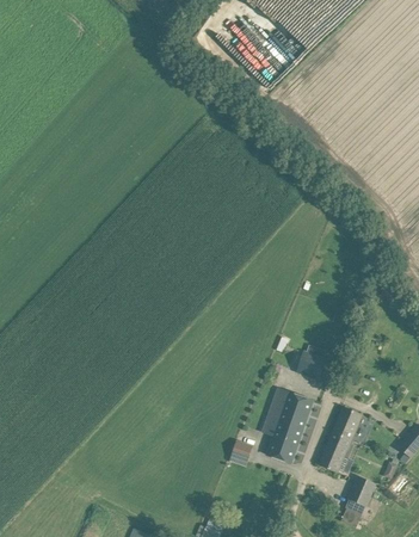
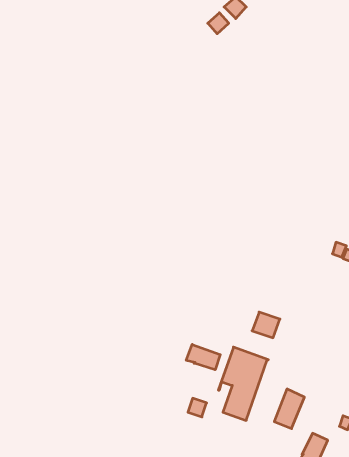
building: none -> [186,344,220,370]
building: [334,408,363,440] -> none

